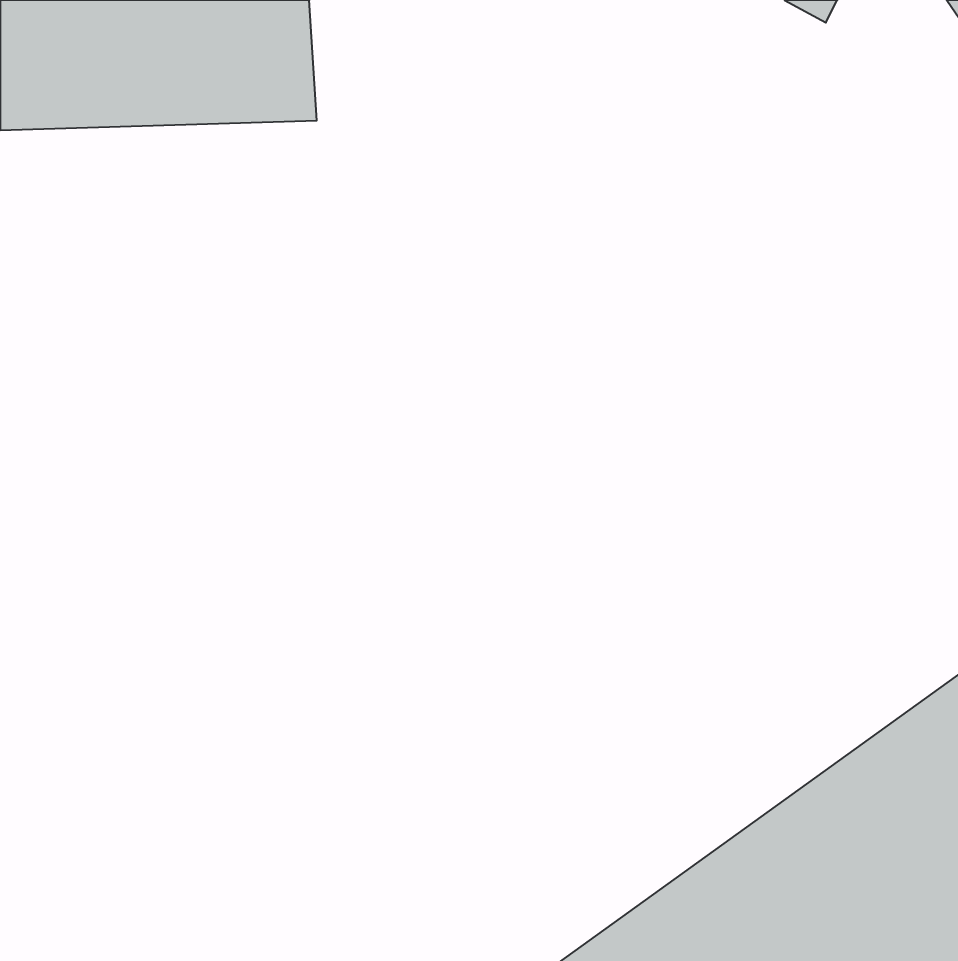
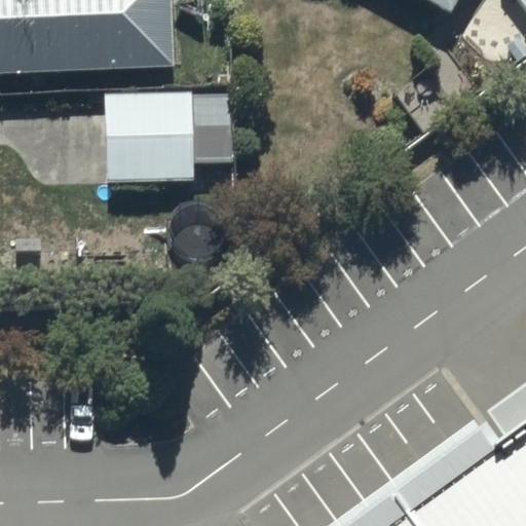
building: none -> [77,91,233,201]

